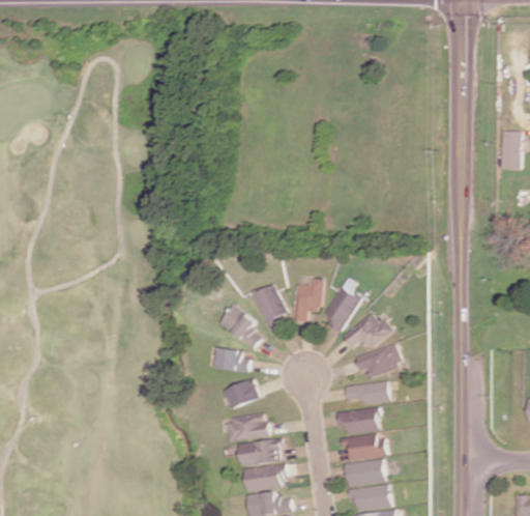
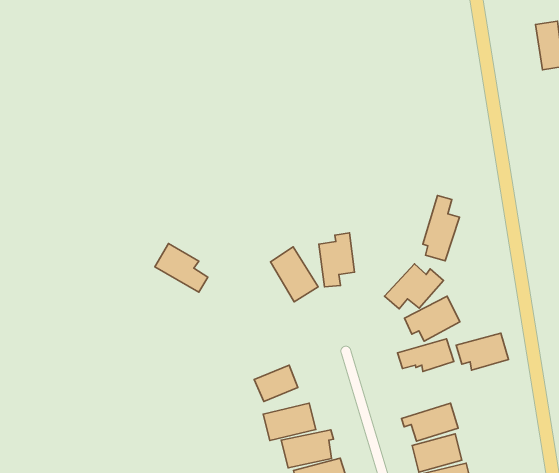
building: [325,277,359,332] -> [423,196,460,261]
building: [218,305,261,349] -> [155,243,208,292]
building: [215,348,248,371] -> none
building: [336,407,378,434] -> [456,333,509,370]

